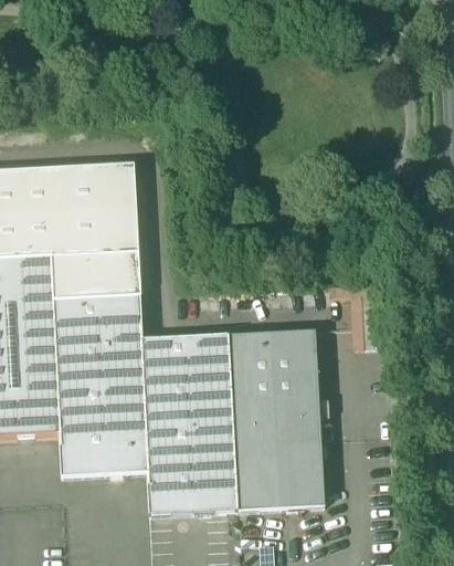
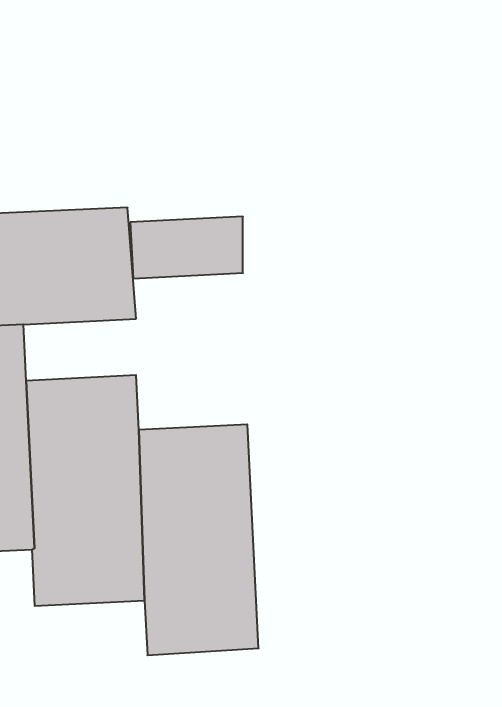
building: [52,251,140,300] -> [130,217,243,279]
building: [228,329,325,510] -> none

